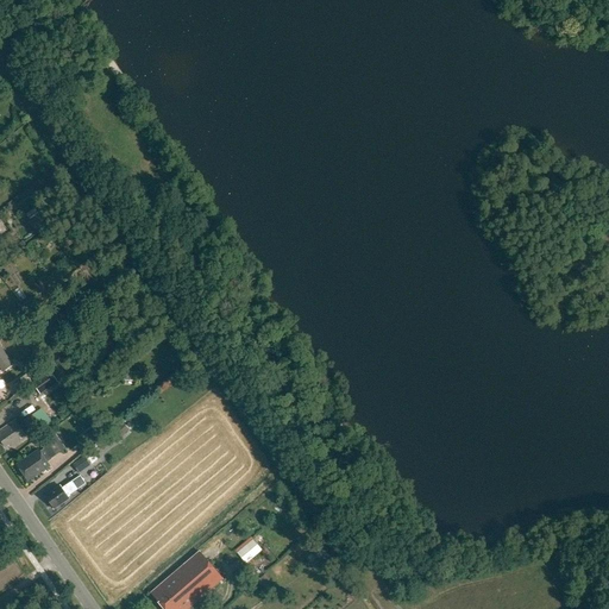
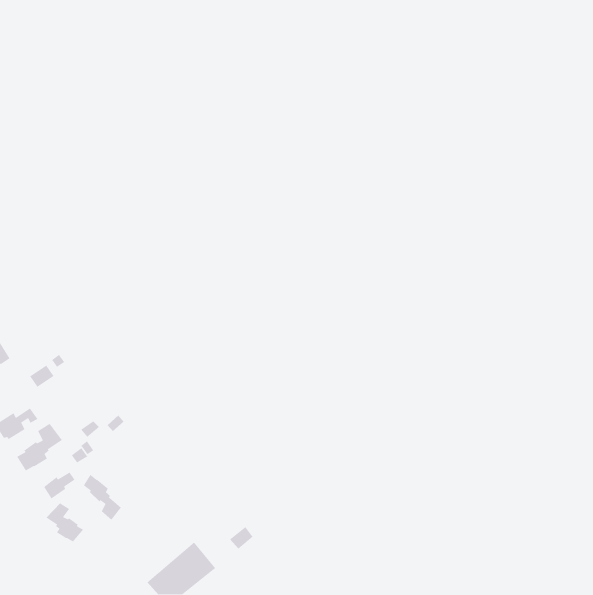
building: none -> [83,474,122,521]
building: none -> [45,503,84,542]

